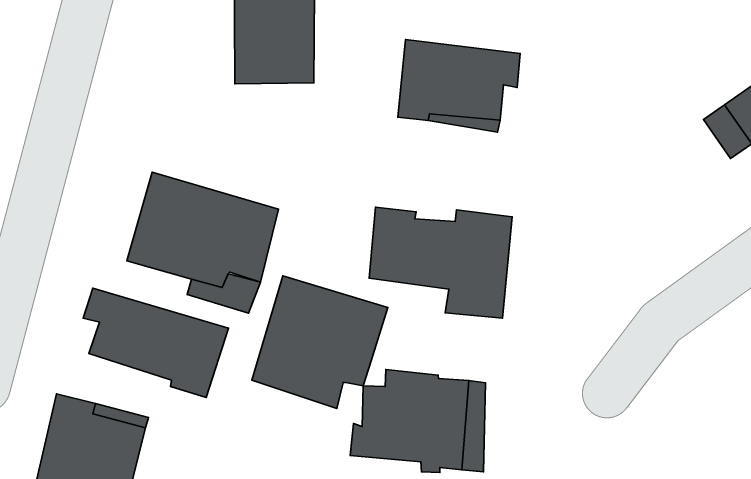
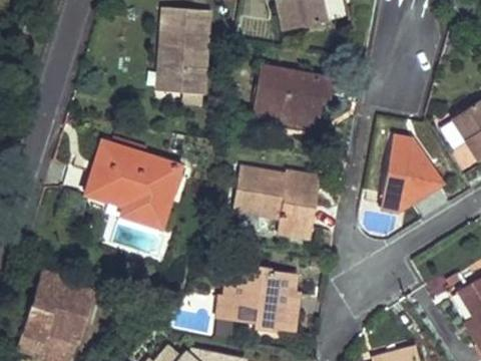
building: none -> [380,138,440,211]
building: [252,276,388,409] -> none
building: [83,288,228,397] -> none

